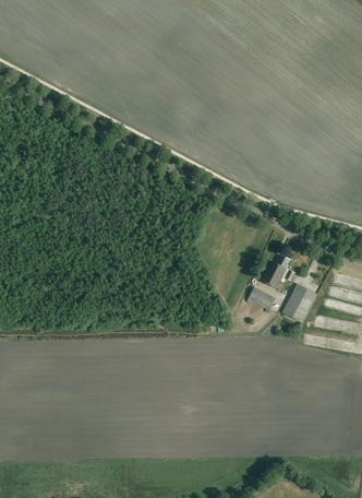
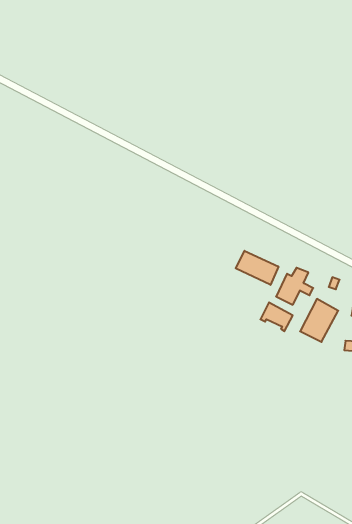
building: none -> [236,251,278,285]

